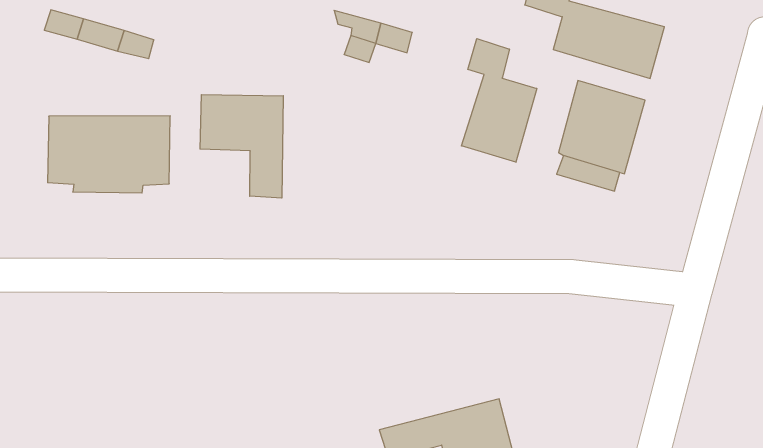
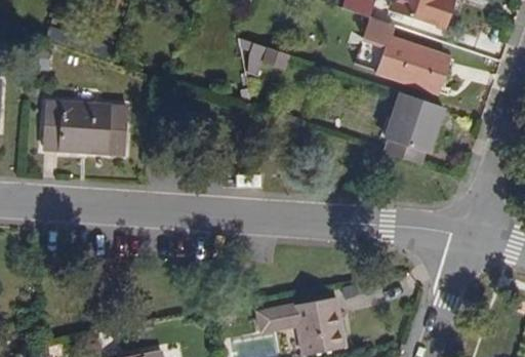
building: [461,39,537,162] -> none
building: [200,95,283,198] -> none

